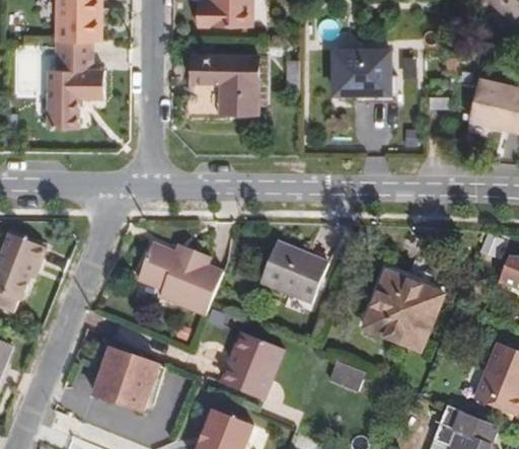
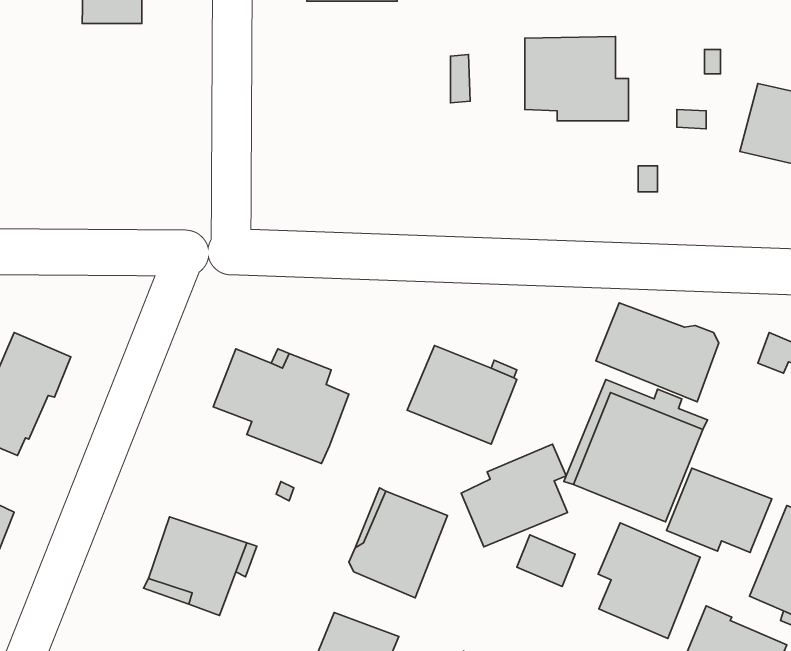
building: [47,40,103,128] -> none
building: [192,55,257,111] -> none
building: none -> [596,303,719,402]
building: none -> [461,444,568,547]
building: none -> [667,468,772,553]
building: none -> [598,523,700,638]

